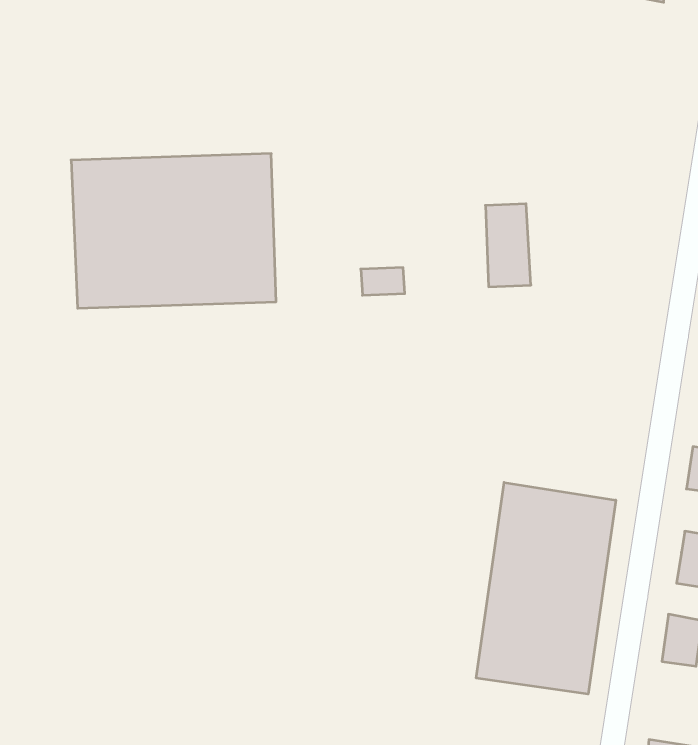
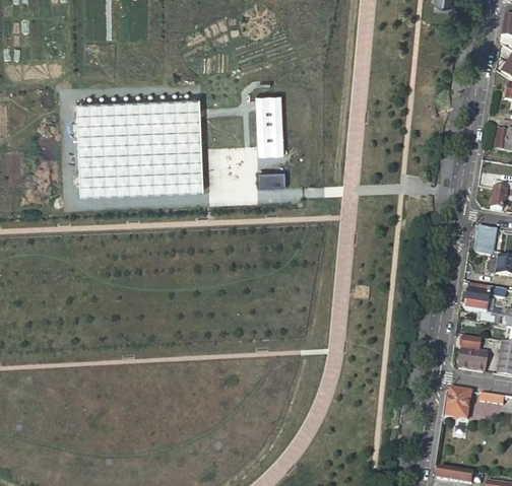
building: [485,204,531,287] -> [255,95,283,147]
building: [476,482,616,694] -> none

